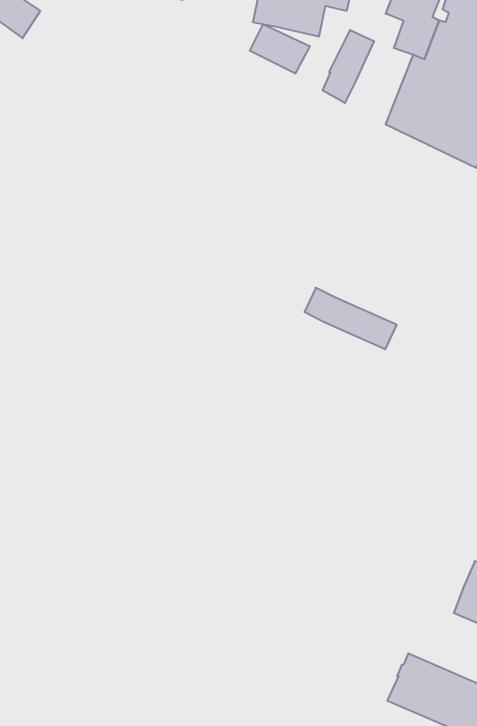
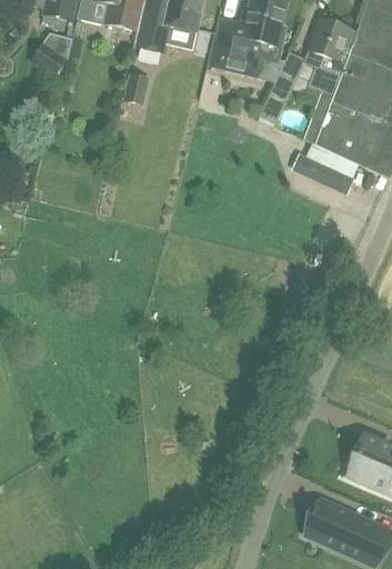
building: [250,24,310,74] -> none
building: none -> [123,71,150,103]
building: [304,288,397,349] -> [291,151,354,193]

